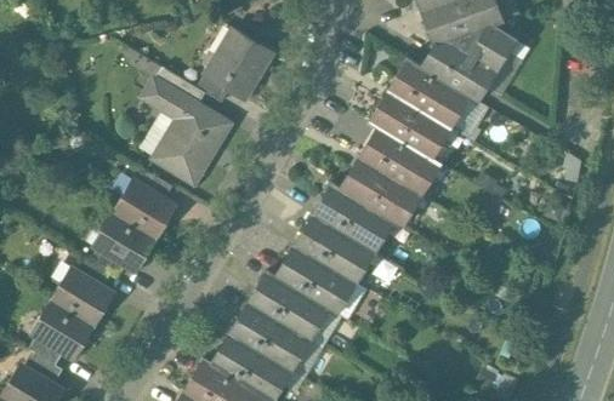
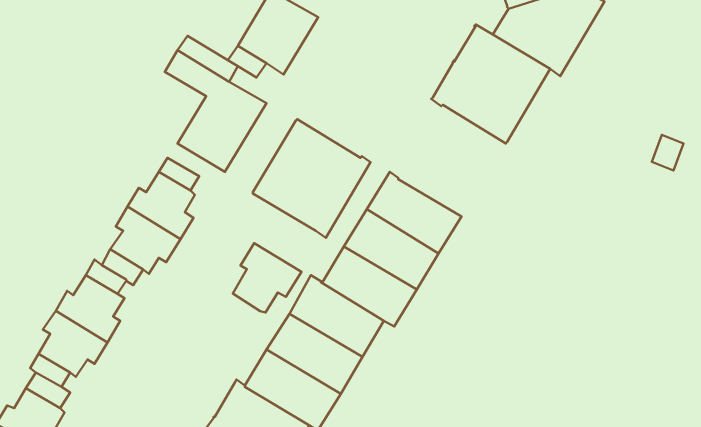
building: [341,126,440,227] -> [253,119,370,238]
building: none -> [233,243,302,312]

